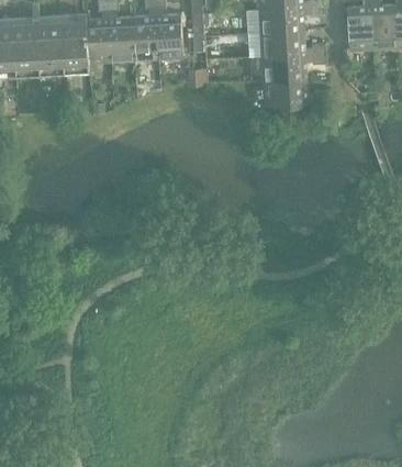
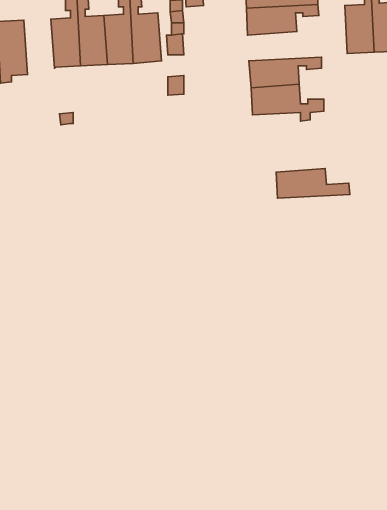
building: [58,19,87,74] -> none
building: [258,30,324,56] -> [276,169,350,198]

